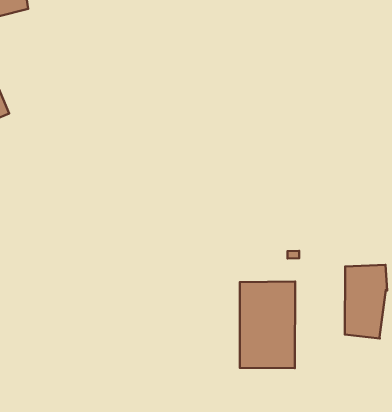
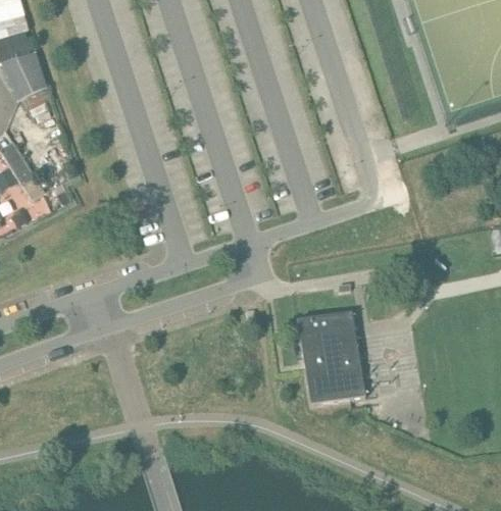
building: [345,265,387,338] -> none

